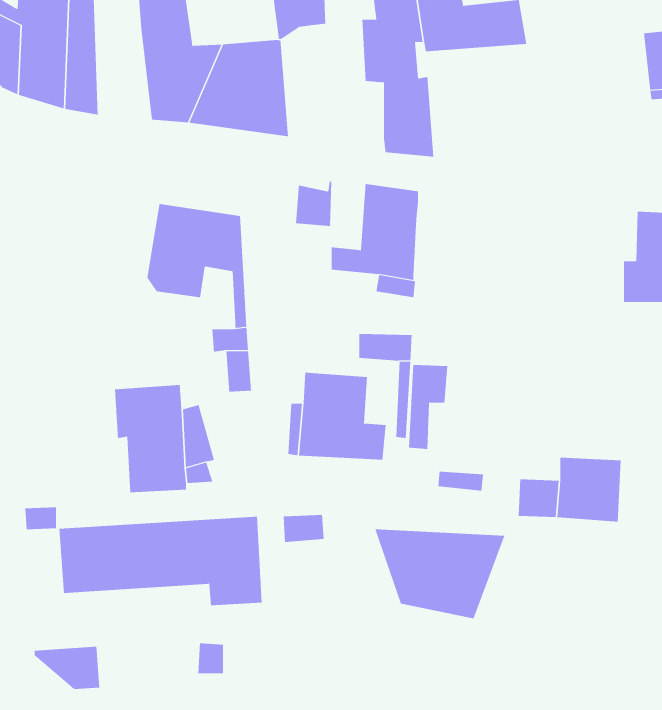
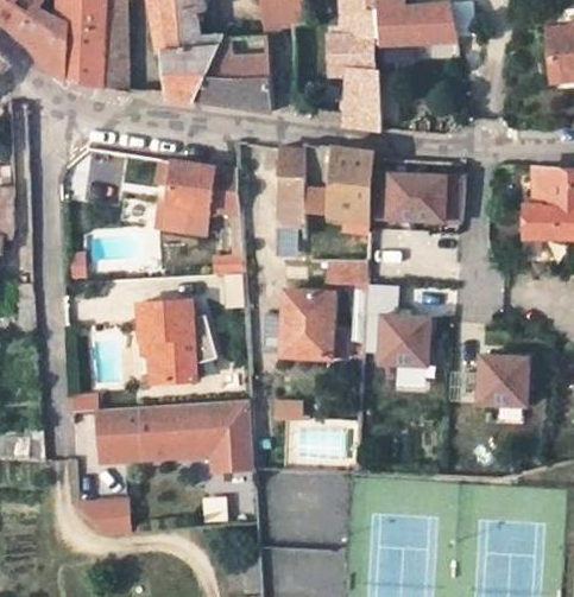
building: none -> [368,173,463,222]
building: none -> [276,177,304,227]
building: none -> [378,315,428,364]
building: [375,529,505,619] -> none

